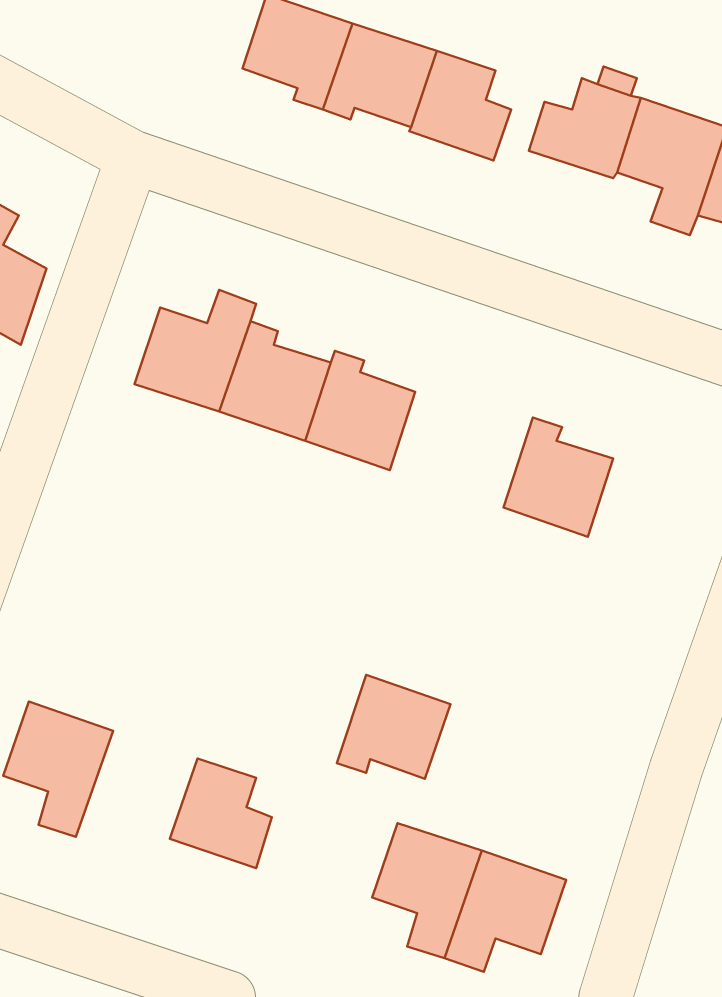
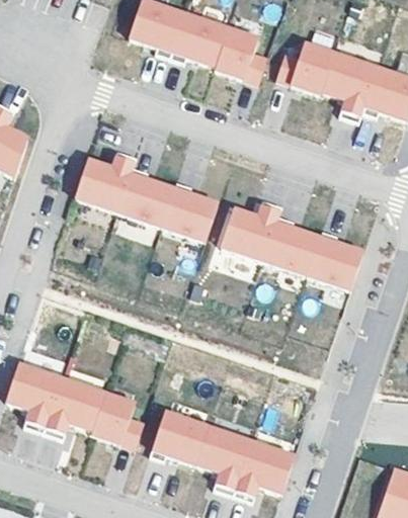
building: none -> [219,199,282,262]
building: none -> [307,231,364,291]
building: [337,675,450,779] -> [150,410,209,463]
building: none -> [43,377,105,439]

